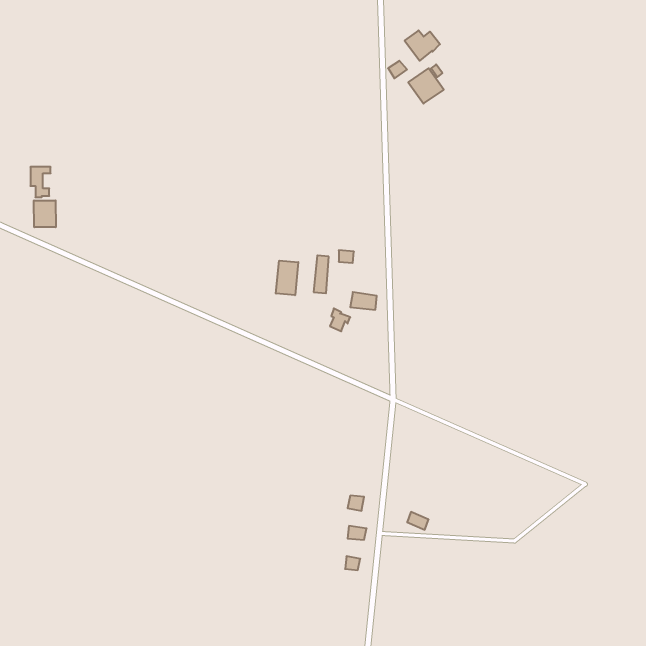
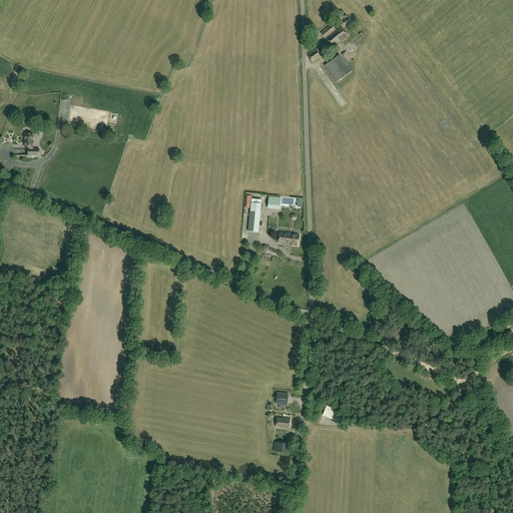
building: [34,200,56,227] -> none
building: [276,261,298,295] -> none

